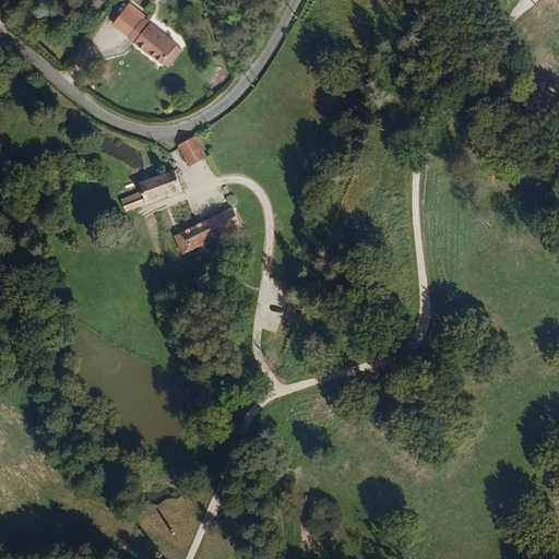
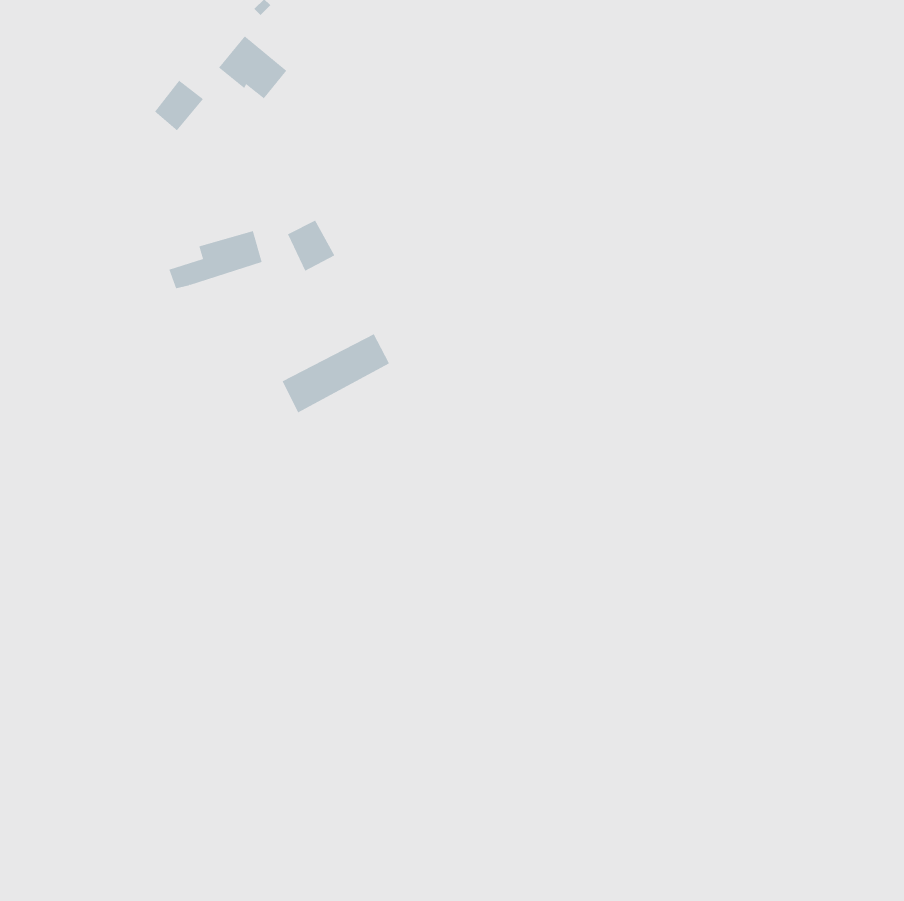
building: [120,10,151,41] -> [154,80,204,131]
building: [120,174,178,210] -> [169,230,262,289]

